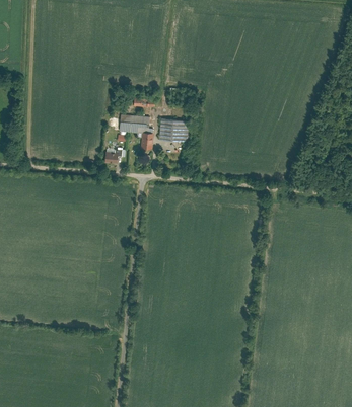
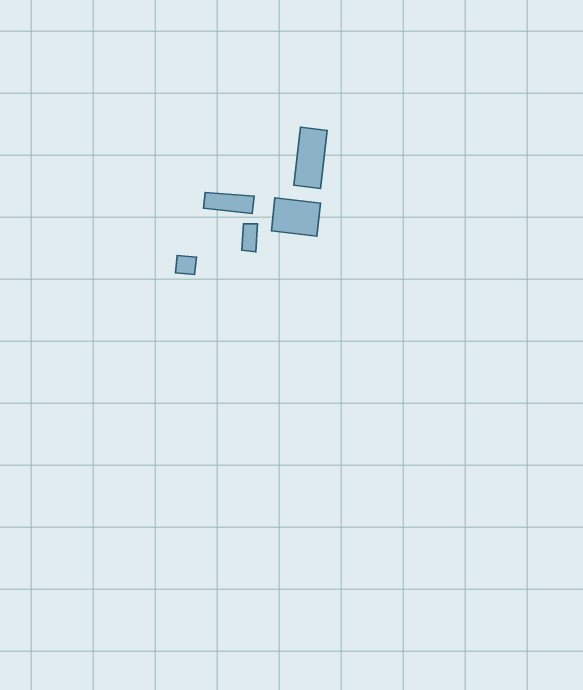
building: none -> [294,127,327,189]

